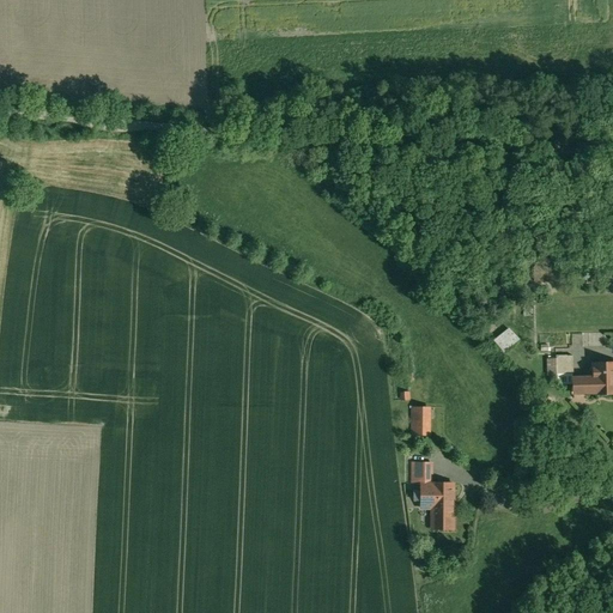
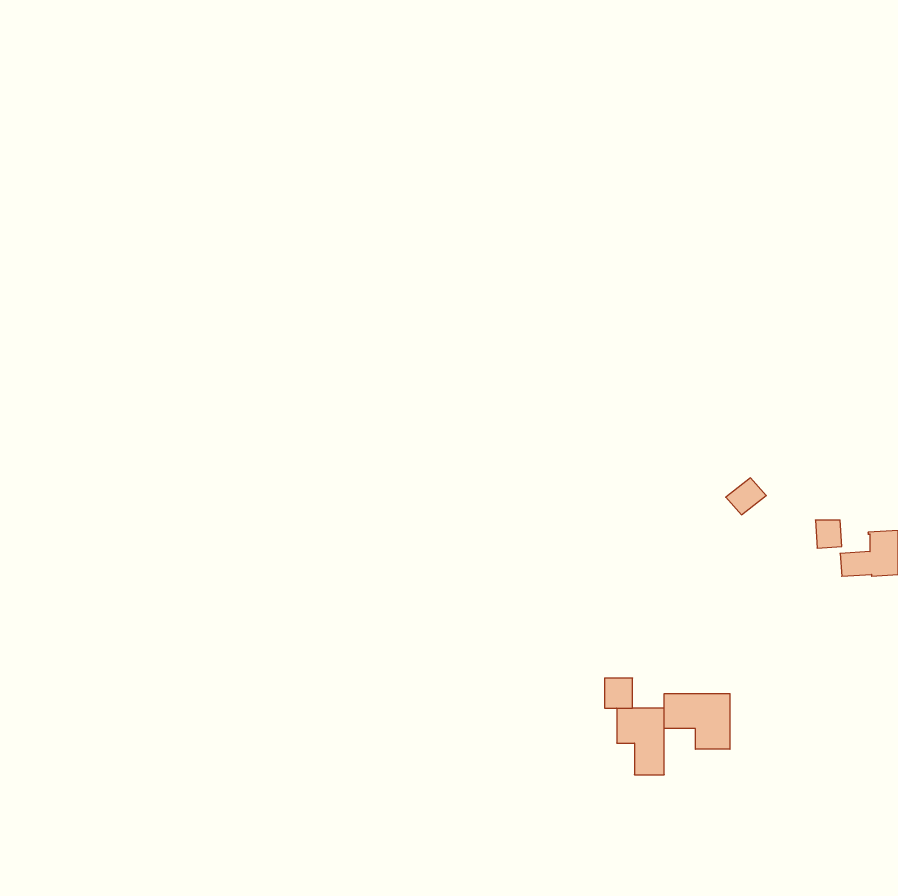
building: [412,405,432,435] -> none
building: none -> [664,694,730,749]

